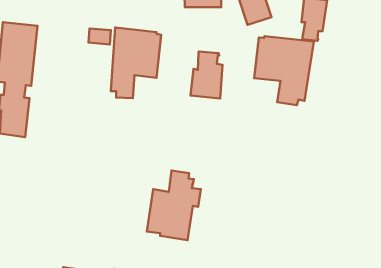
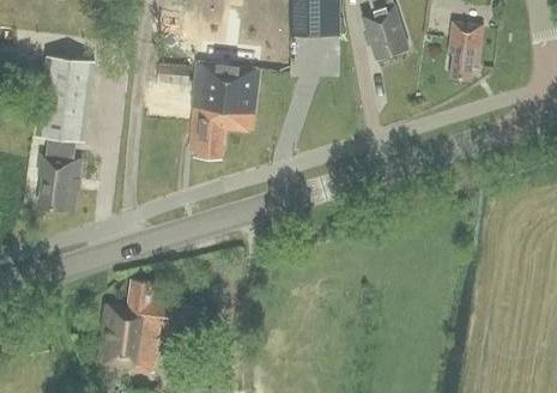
building: [254,36,314,105] -> none
building: [191,51,223,99] -> none
building: [147,170,201,240] -> [97,278,170,373]

